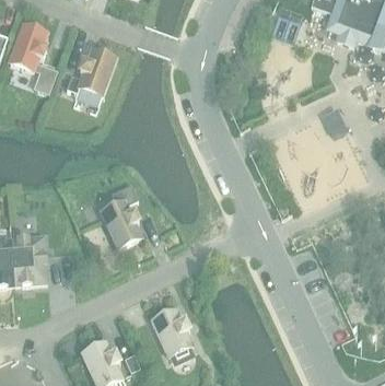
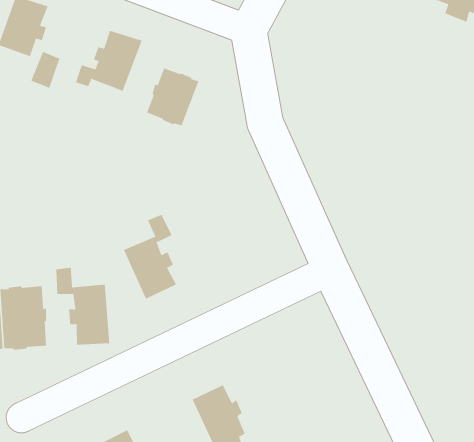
building: none -> [146,68,199,126]
building: none -> [56,267,110,346]

